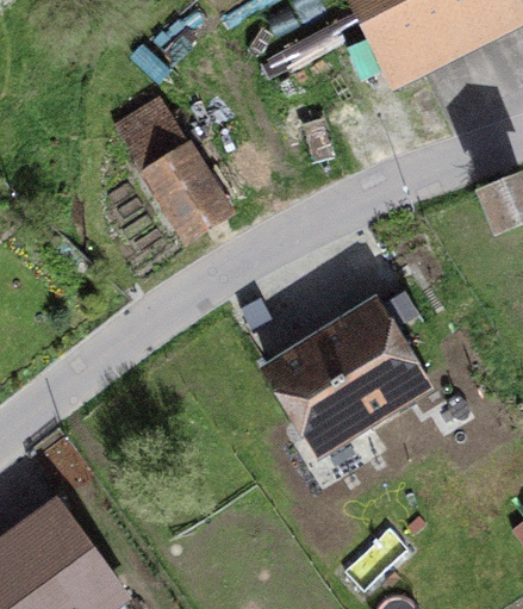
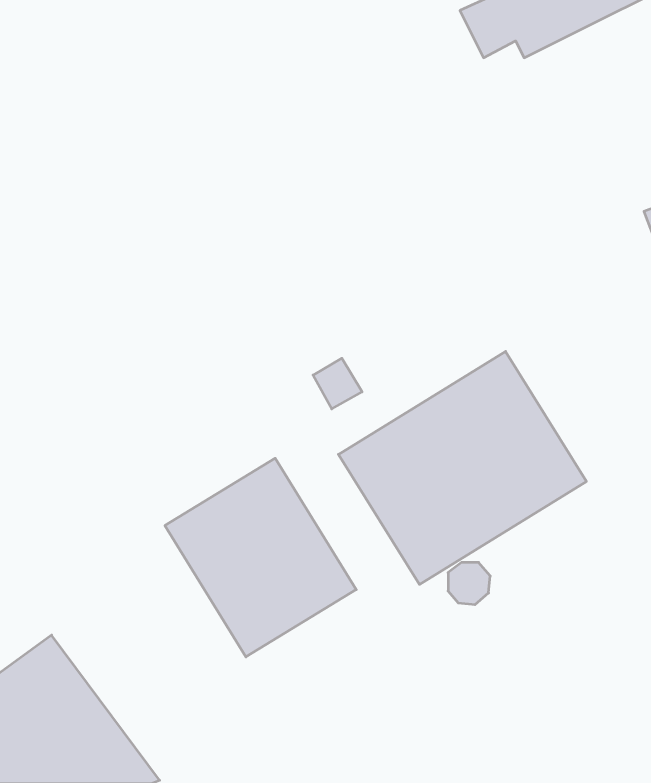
building: [113,92,237,246] -> none
building: none -> [165,458,356,657]

